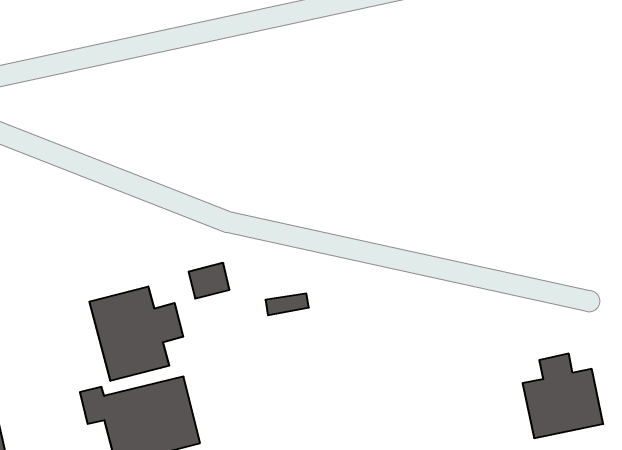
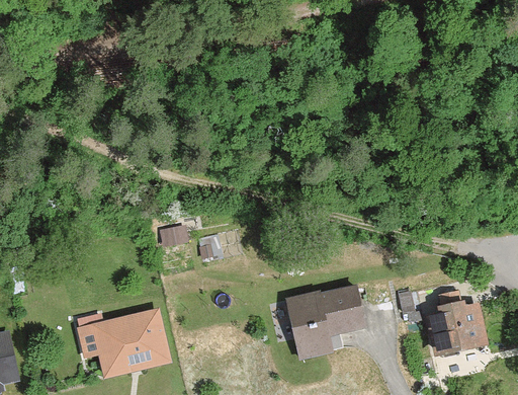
building: [89,286,183,381] -> none
building: none -> [285,284,366,360]

